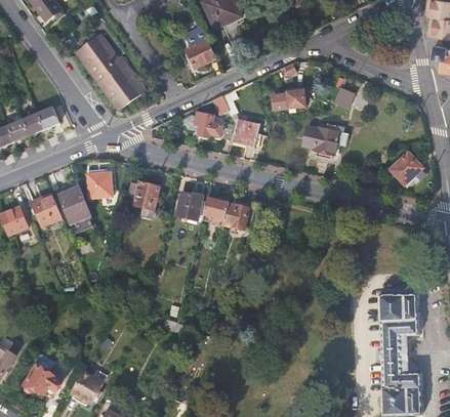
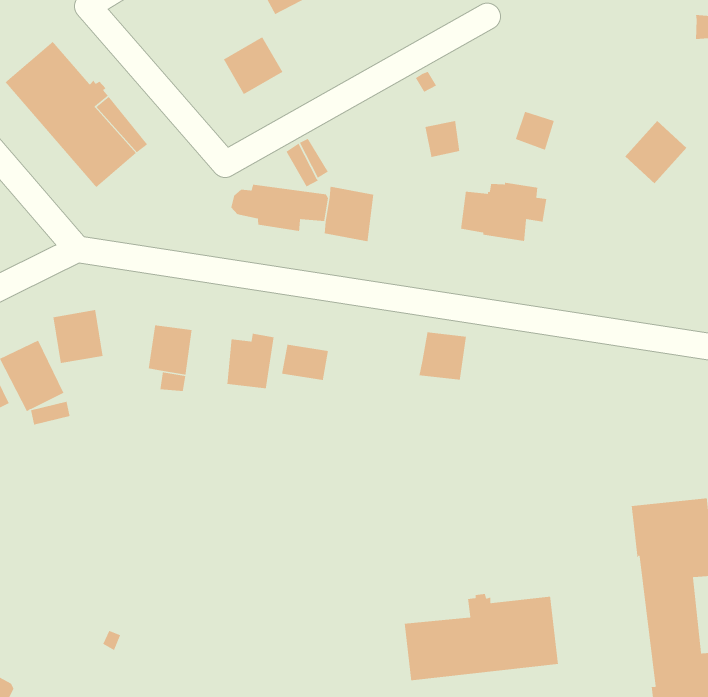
building: [390,152,422,184] -> [624,120,687,184]
building: [222,203,249,230] -> [418,331,467,380]
building: none -> [404,593,559,681]

